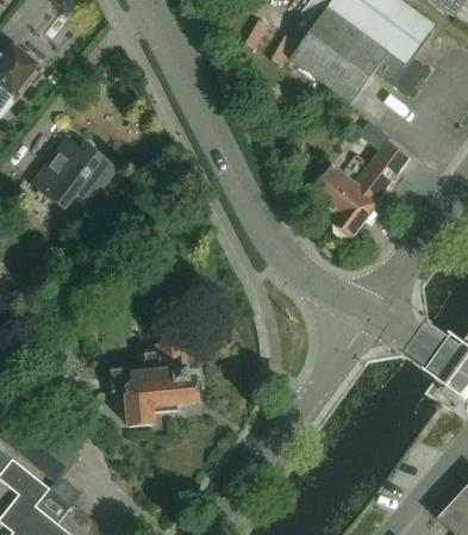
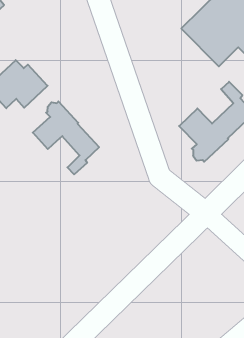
building: none -> [33,101,99,174]
building: [110,342,201,425] -> none

